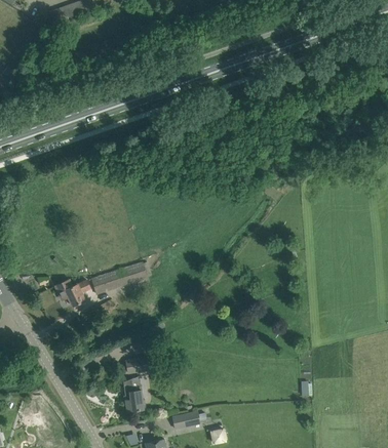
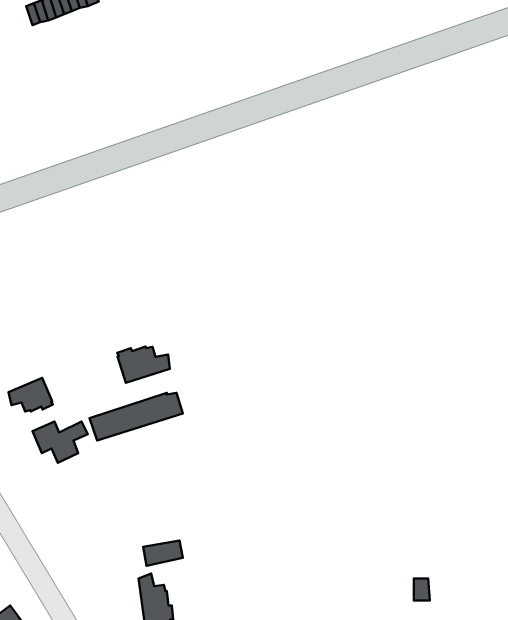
building: none -> [117,347,170,383]
building: none -> [9,378,53,411]

